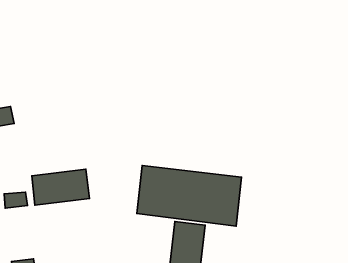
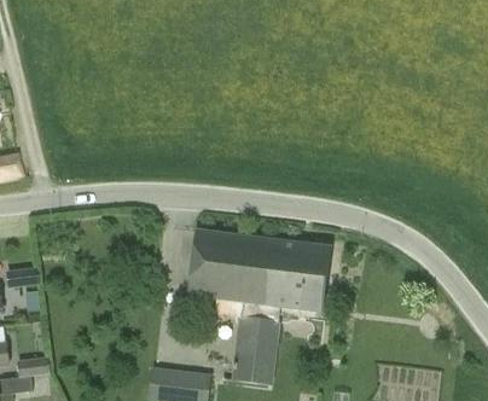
building: [32,169,90,205] -> none

